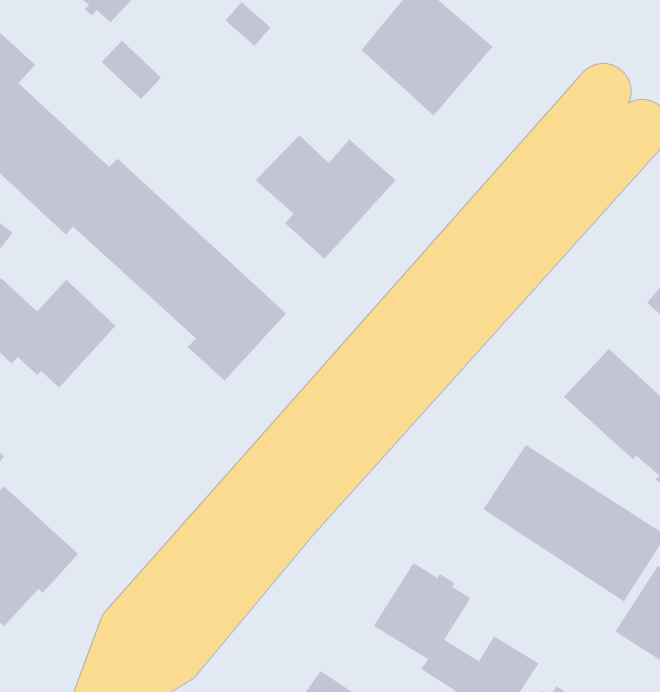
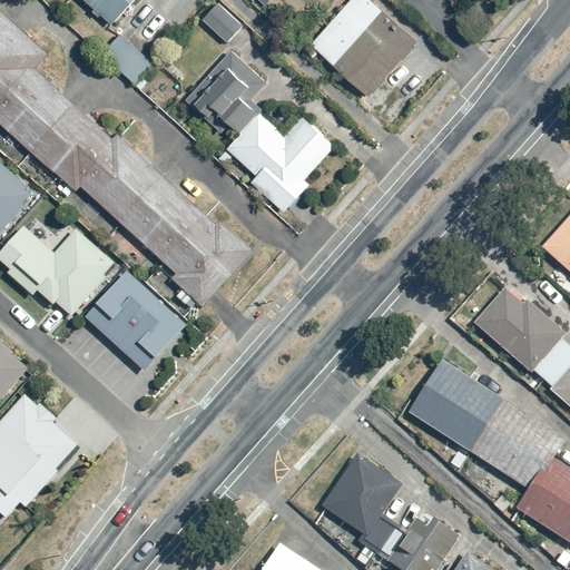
building: none -> [185,49,267,132]
building: none -> [83,271,185,370]

